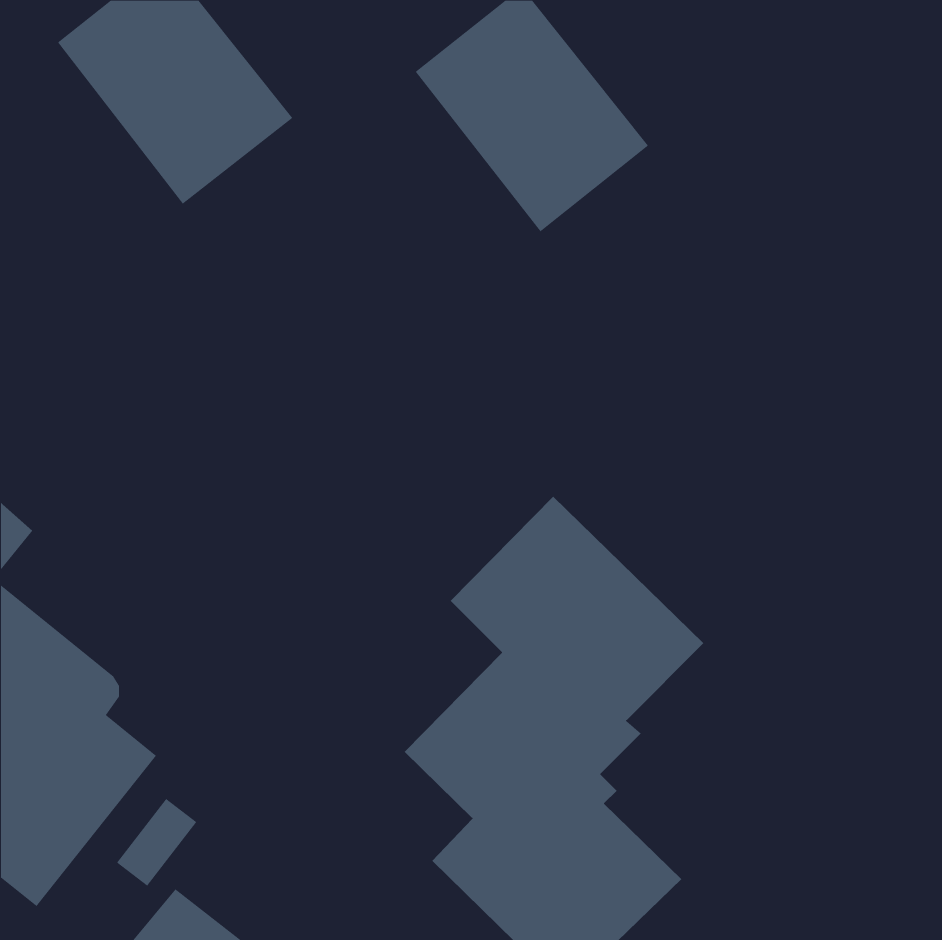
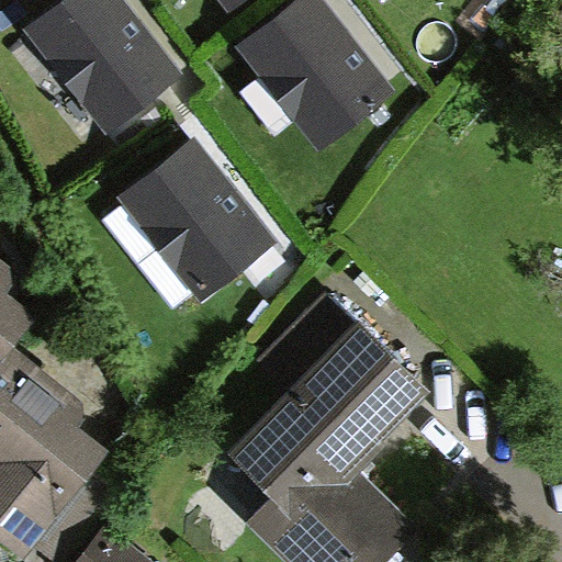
building: none -> [128,144,268,289]

